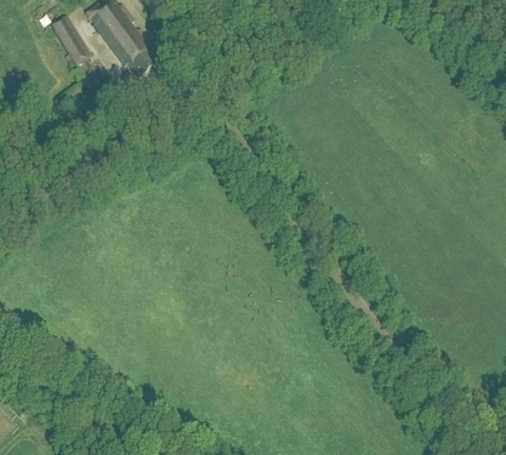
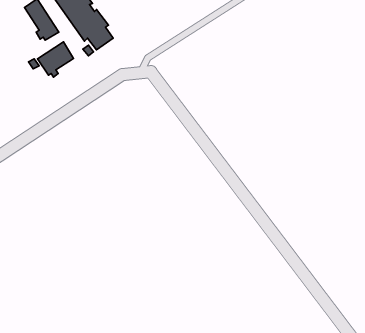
building: none -> [37,42,74,77]

